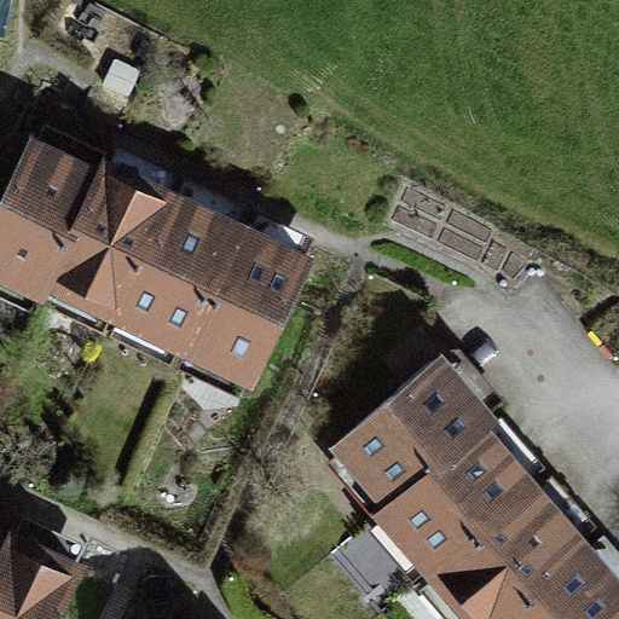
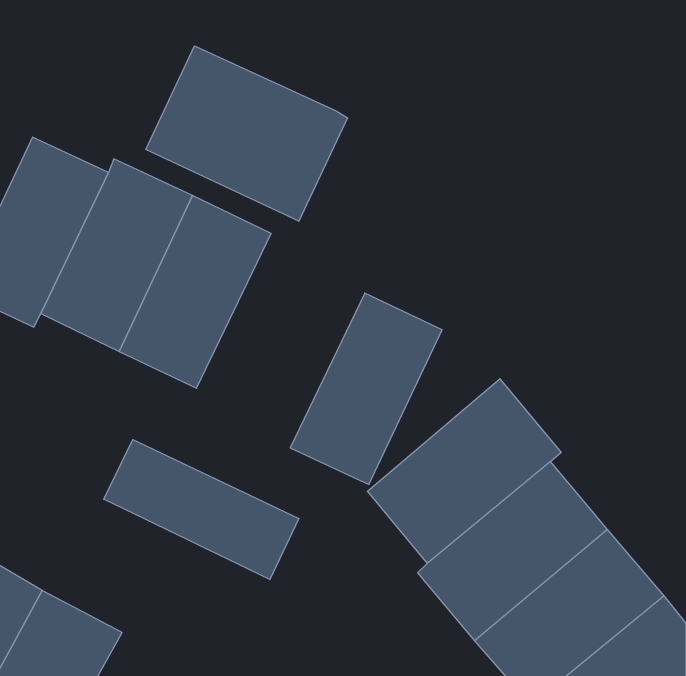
building: none -> [146,46,347,221]
building: [175,224,311,394] -> [290,293,442,484]
building: none -> [104,440,299,580]

